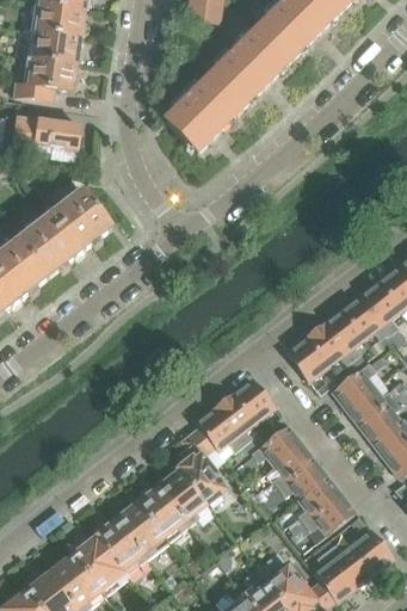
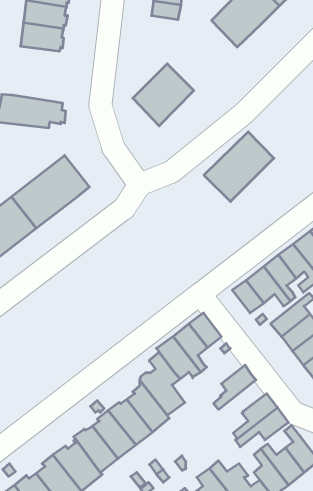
building: [206,25,291,110] -> [204,132,274,202]
building: [13,56,78,100] -> none
building: [241,426,301,468] -> none
building: [265,461,327,506] -> none

